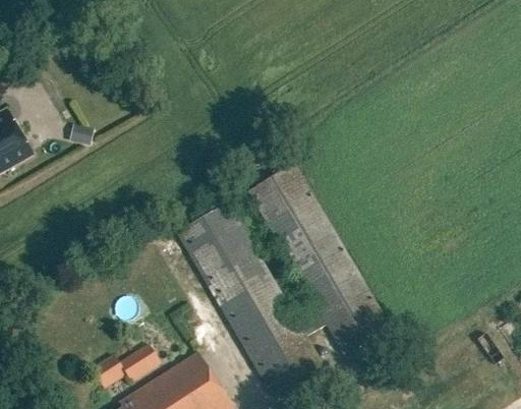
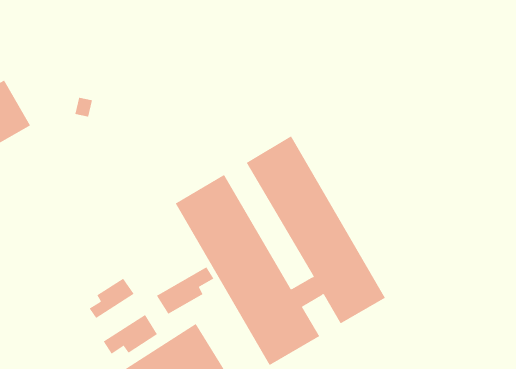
building: none -> [156,266,214,314]
building: none -> [89,278,134,319]

